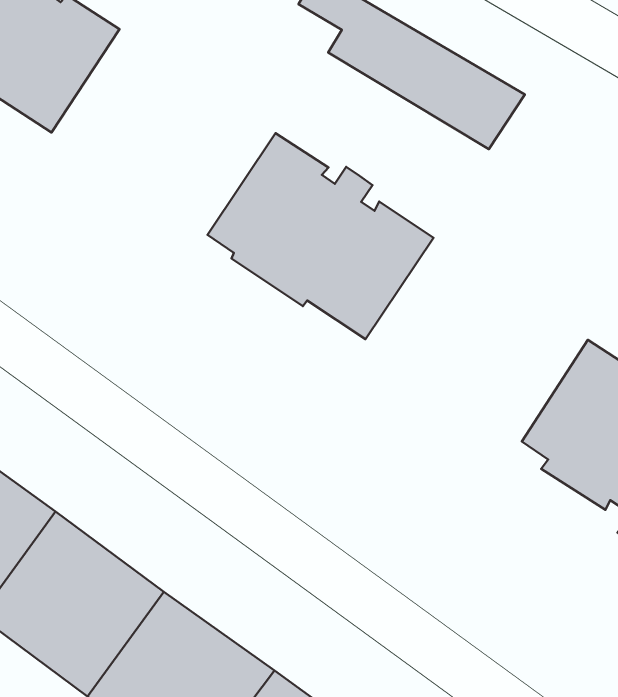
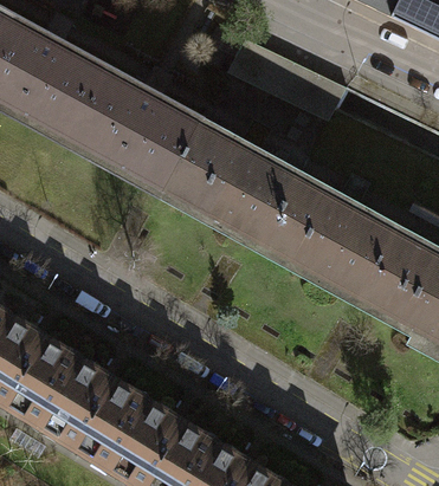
building: none -> [67,66,201,184]
building: none -> [265,175,398,292]

